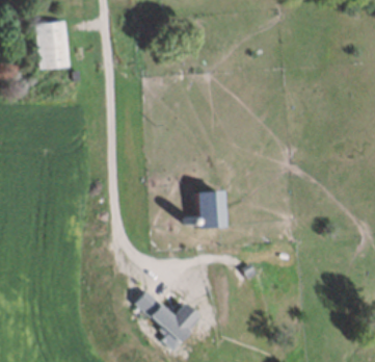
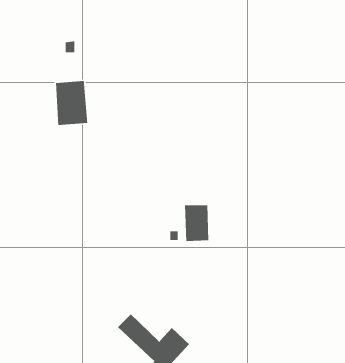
building: [38,22,69,63] -> [55,80,88,126]

